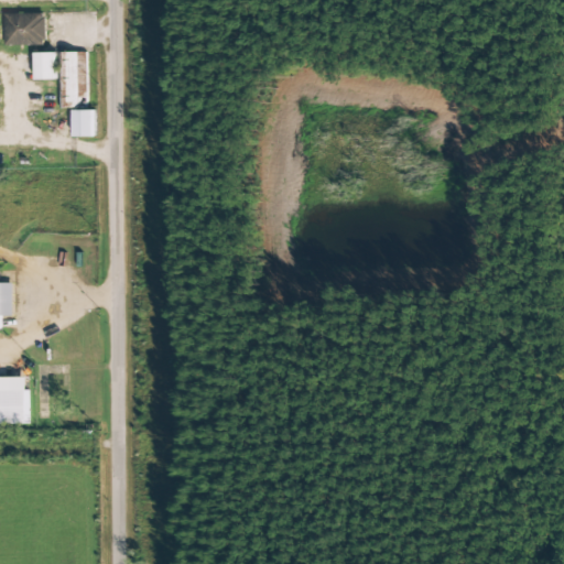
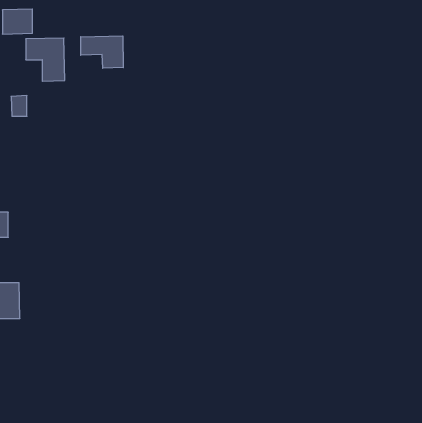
building: none -> [81,36,123,68]
building: [72,109,93,137] -> [11,96,27,116]

